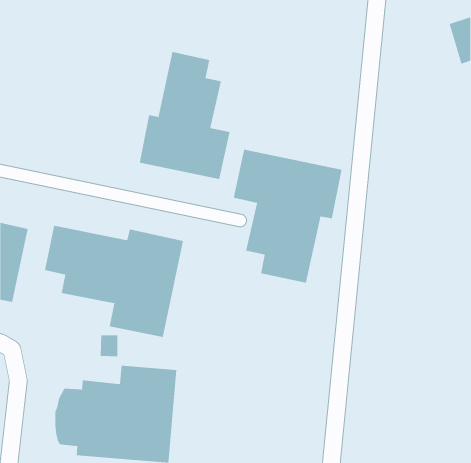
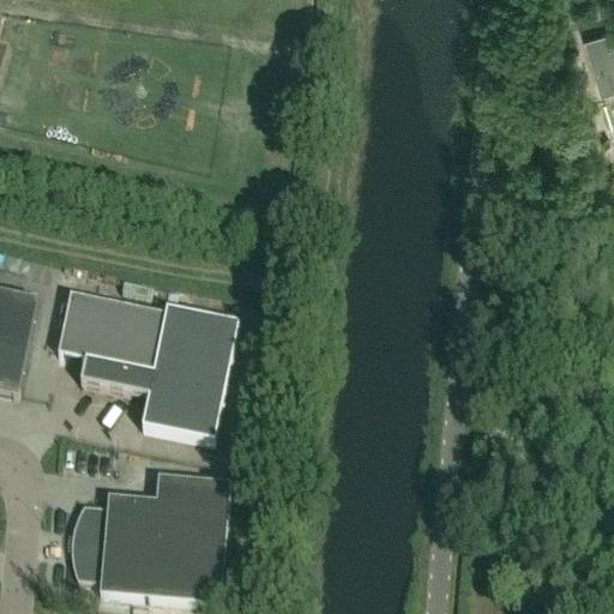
building: [139,51,230,180] -> none
building: [233,149,342,284] -> none

